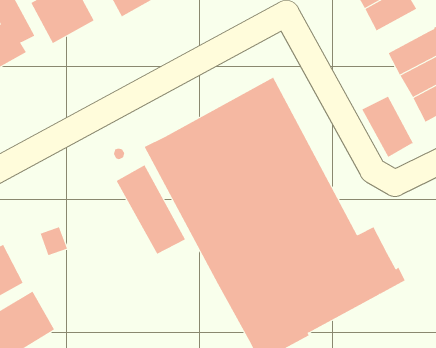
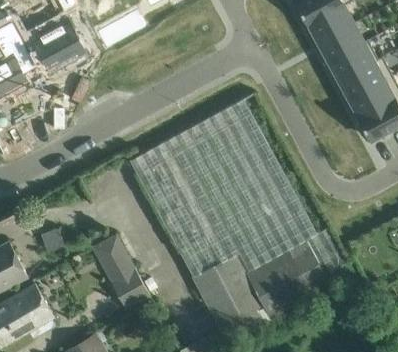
building: none -> [329,42,374,80]
building: [362,96,414,158] -> none
building: [116,164,186,255] -> [91,233,151,310]

